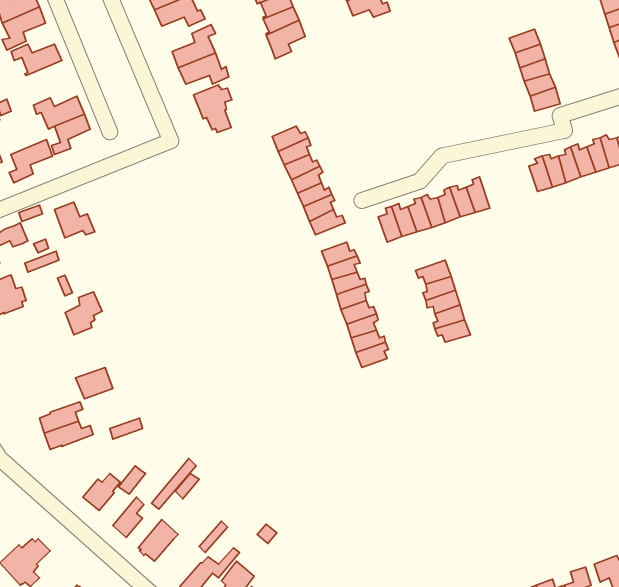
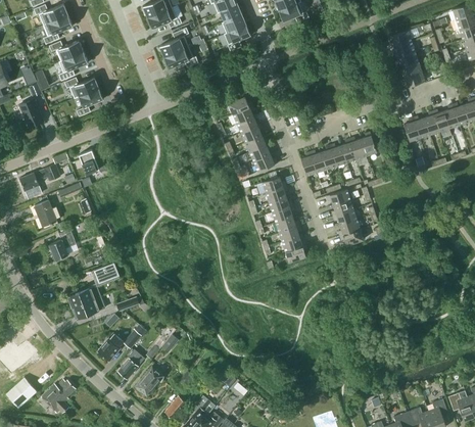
building: [193,85,232,132] -> none
building: [9,140,52,183] -> [58,52,88,82]
building: [65,292,102,335] -> [50,230,76,259]

